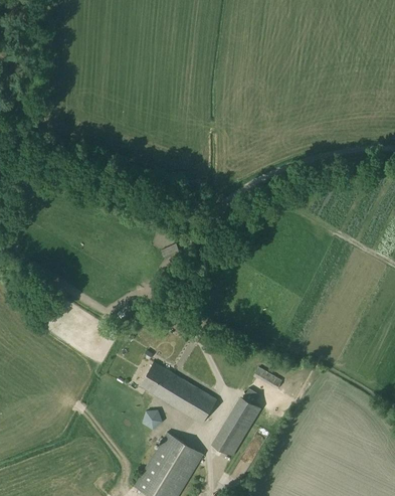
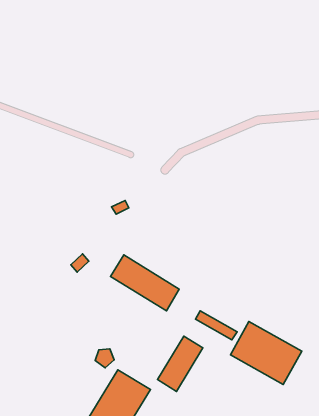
building: [140,361,216,424] -> [110,255,179,311]
building: none -> [230,322,302,384]

